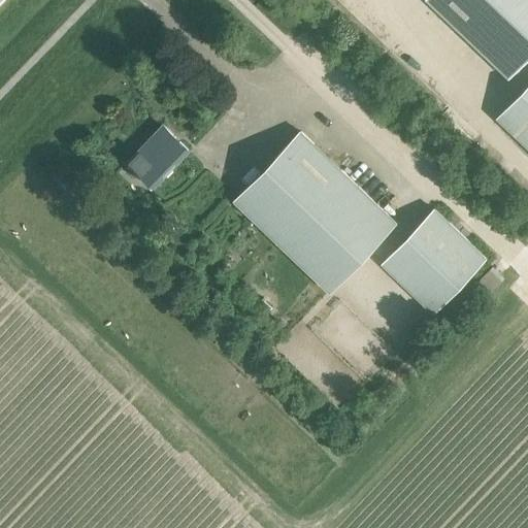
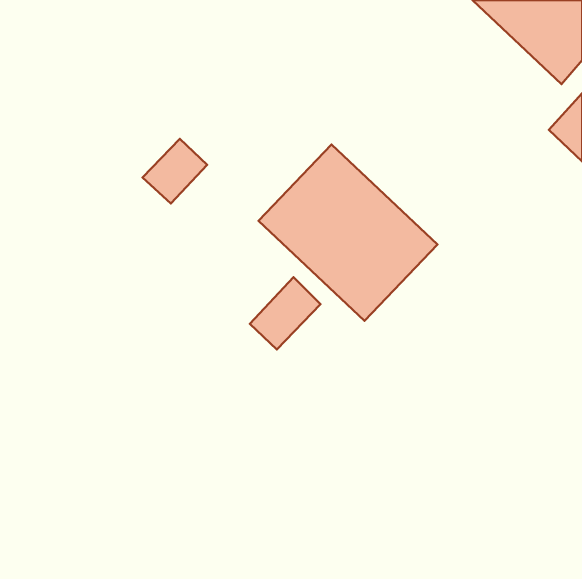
building: [383,210,486,314] -> none
building: none -> [250,277,321,350]

